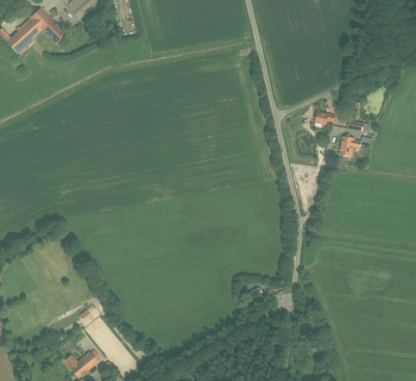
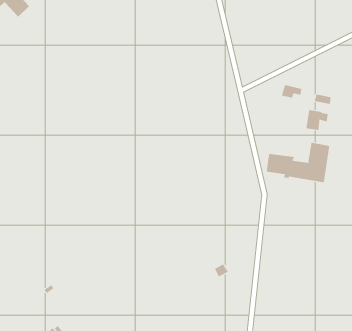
building: none -> [266,142,330,183]

